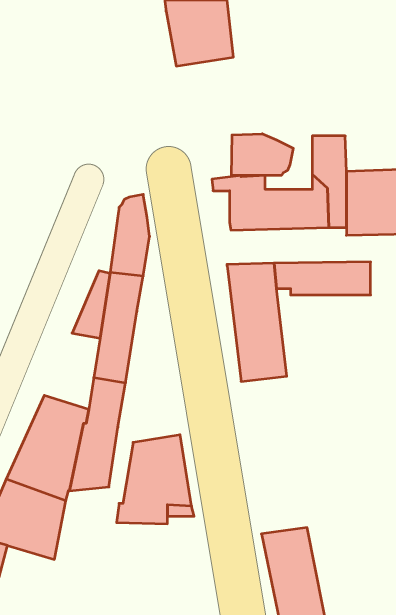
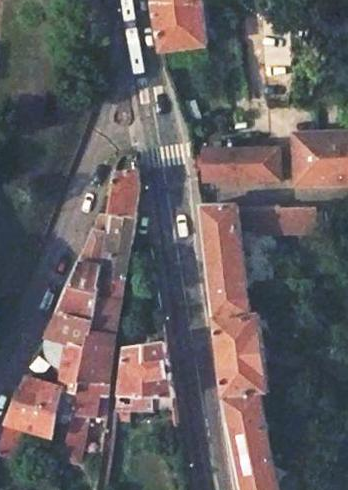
building: [232,134,293,175] -> none
building: none -> [55,263,99,323]
building: none -> [210,297,266,421]
building: none -> [58,384,106,464]

